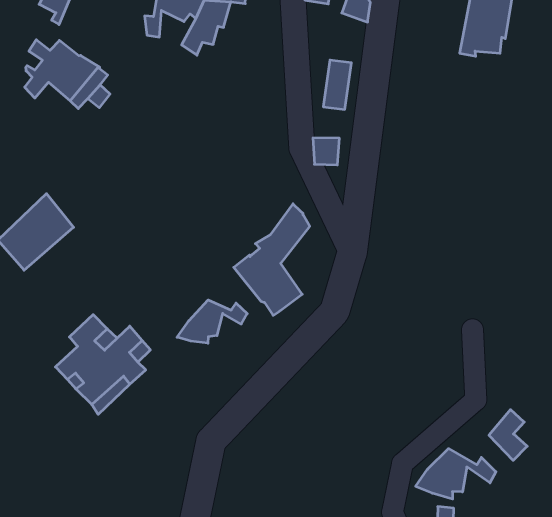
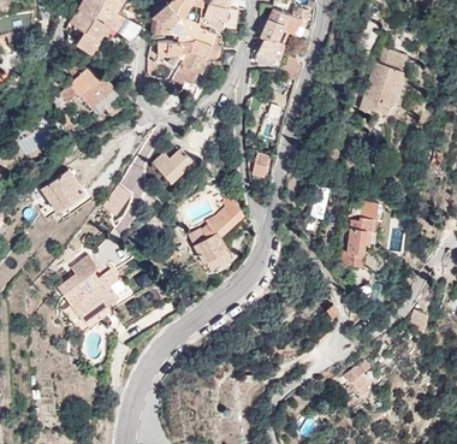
building: none -> [150,148,194,184]
building: none -> [343,201,380,266]
building: [177,300,247,343] -> none
building: [416,449,496,499] -> none

